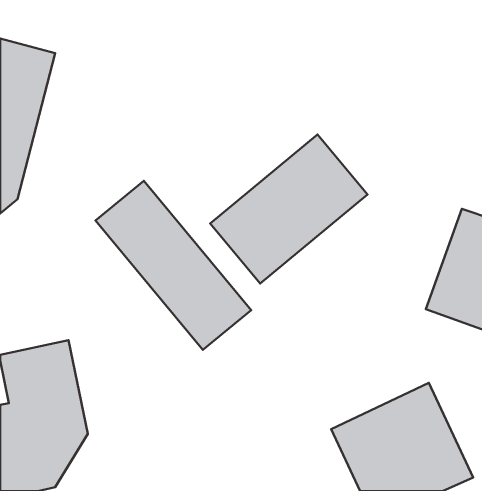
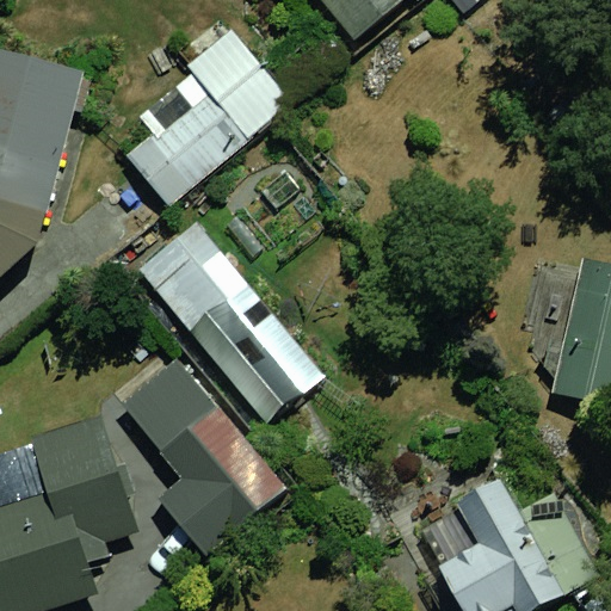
building: none -> [117,24,294,206]
building: [210,135,368,284] -> none
building: none -> [106,353,283,537]

